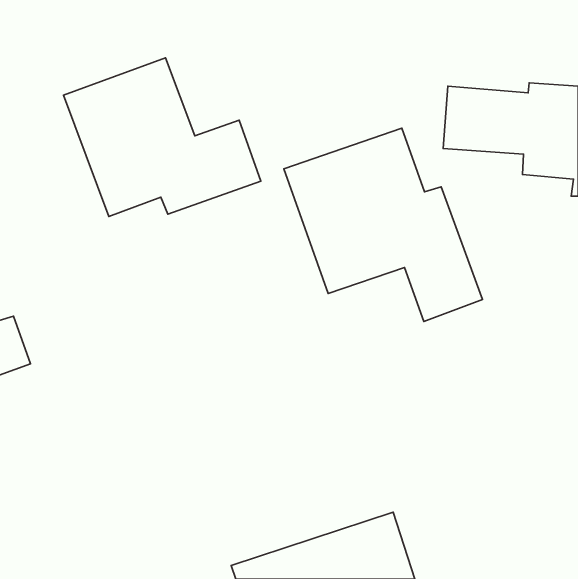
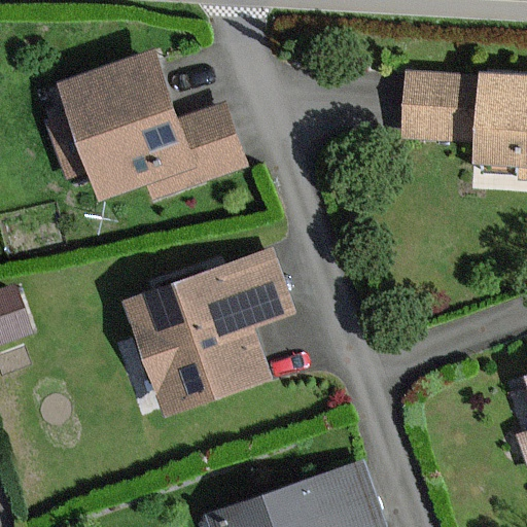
building: [284,128,482,321] -> none
building: none -> [126,251,289,414]

